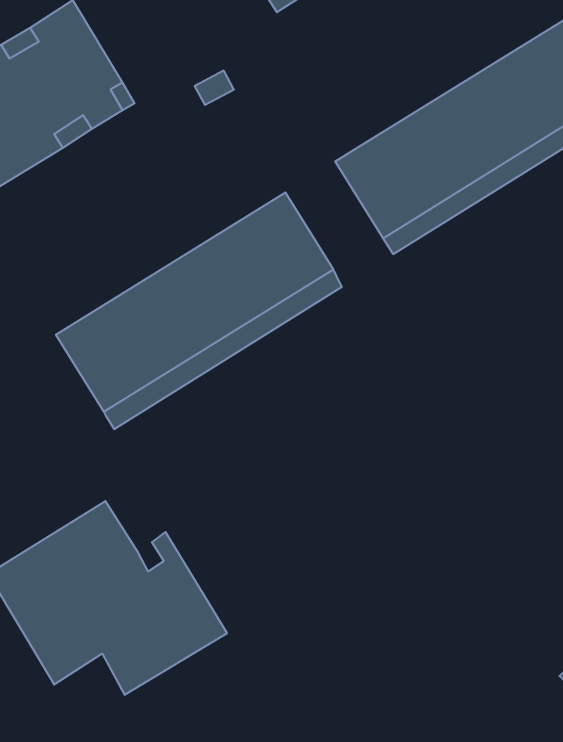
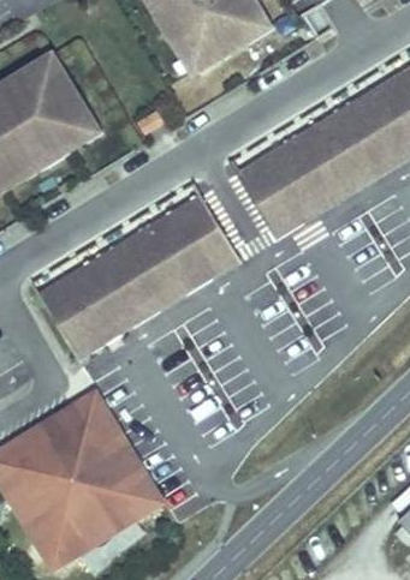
building: none -> [75,394,117,456]
building: none -> [38,514,88,563]

